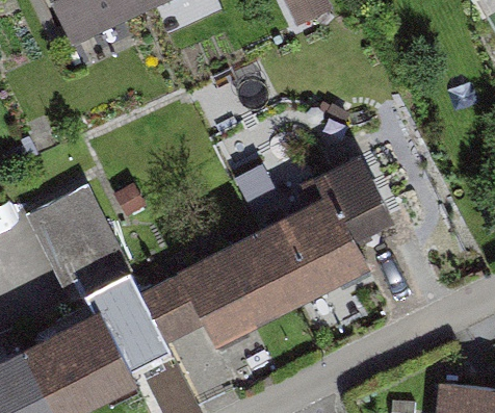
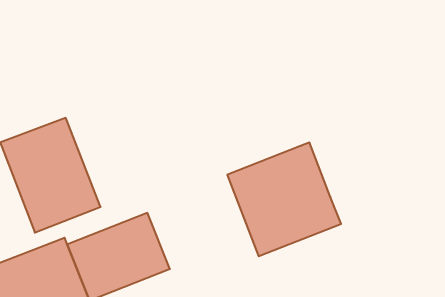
building: [314,155,394,241] -> none
building: [175,231,292,347] -> none

